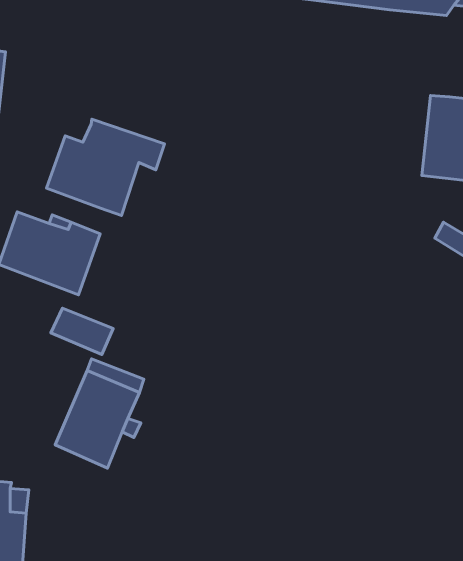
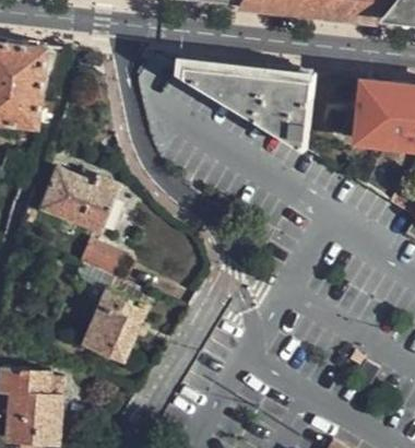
building: none -> [186,62,315,151]
building: [46,119,164,215] -> none

